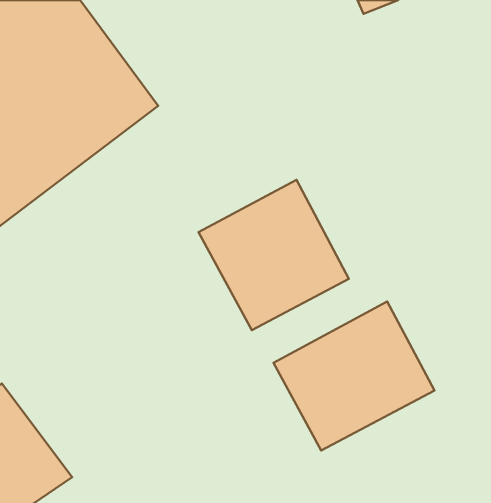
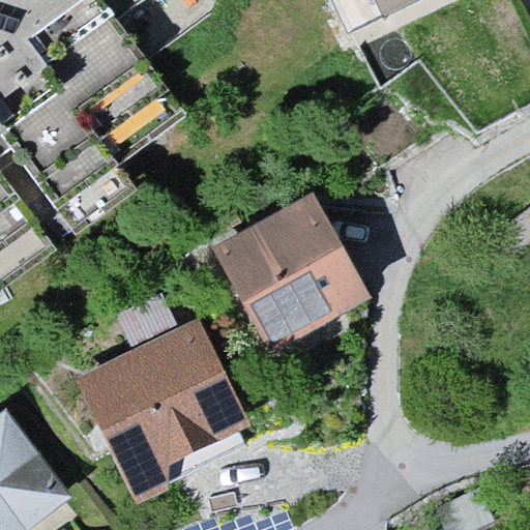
building: none -> [63,304,258,498]
building: [274,302,435,450] -> none

